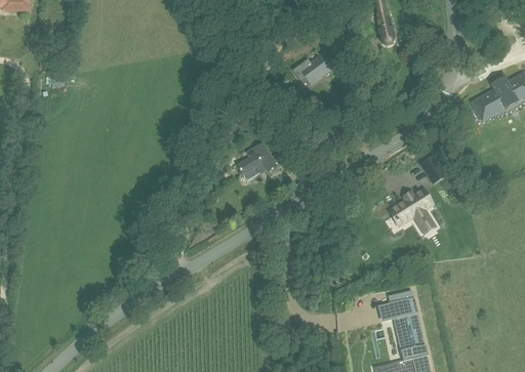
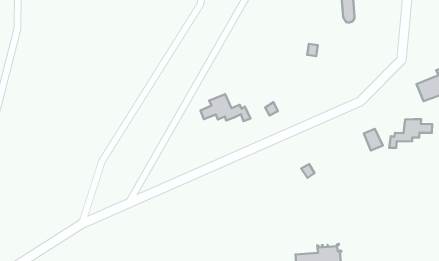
building: [292,52,336,85] -> none
building: none -> [389,119,432,148]
building: [390,190,432,225] -> none

